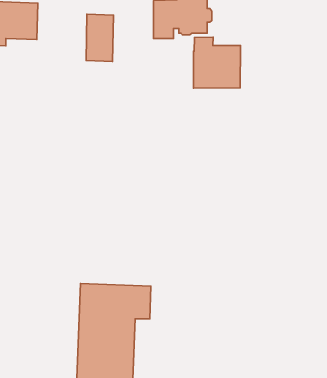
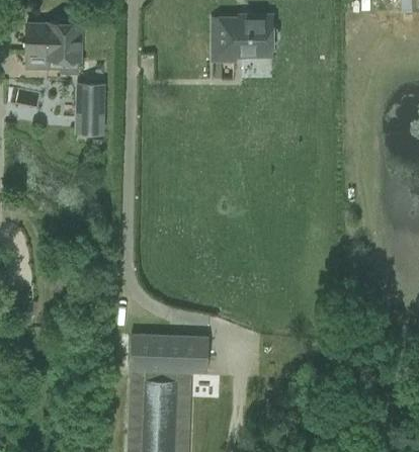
building: [86,14,113,62] -> [74,83,104,135]
building: [193,37,240,88] -> none

